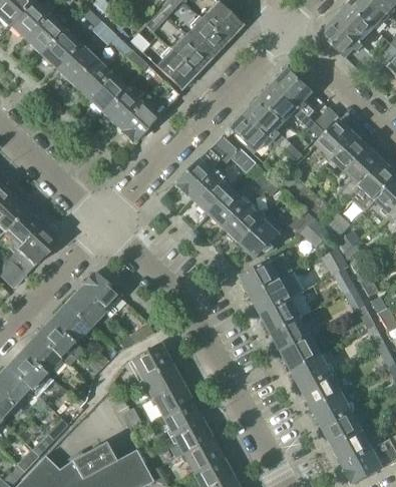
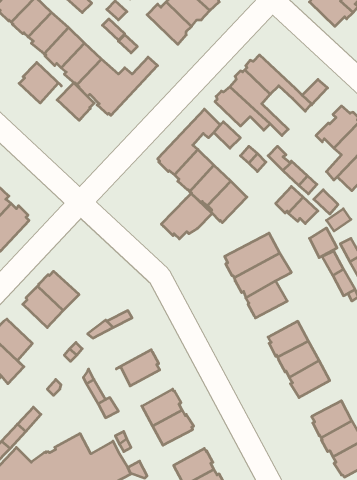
building: [155,46,196,88] -> none
building: [274,69,313,116] -> none
building: none -> [19,62,61,103]
building: none -> [57,83,94,120]
building: [311,119,351,171] -> none
building: [239,213,287,257] -> [161,193,212,239]
building: [79,273,118,316] -> none
building: [270,317,316,351] -> none
building: [35,320,82,366] -> none
building: [127,344,171,381] -> none
building: [151,382,191,416] -> none
building: [311,392,351,426] -> none
building: [182,438,222,472] -> none

